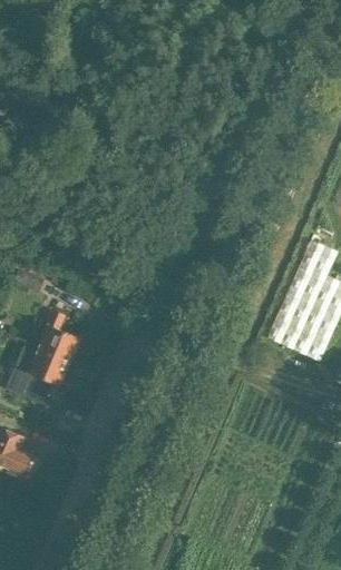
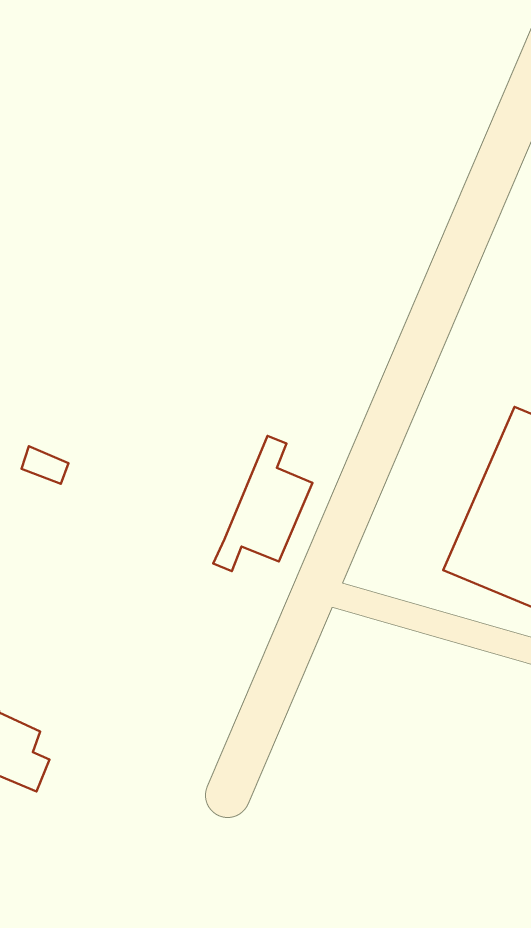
building: [23,308,82,389] -> [213,436,313,571]

